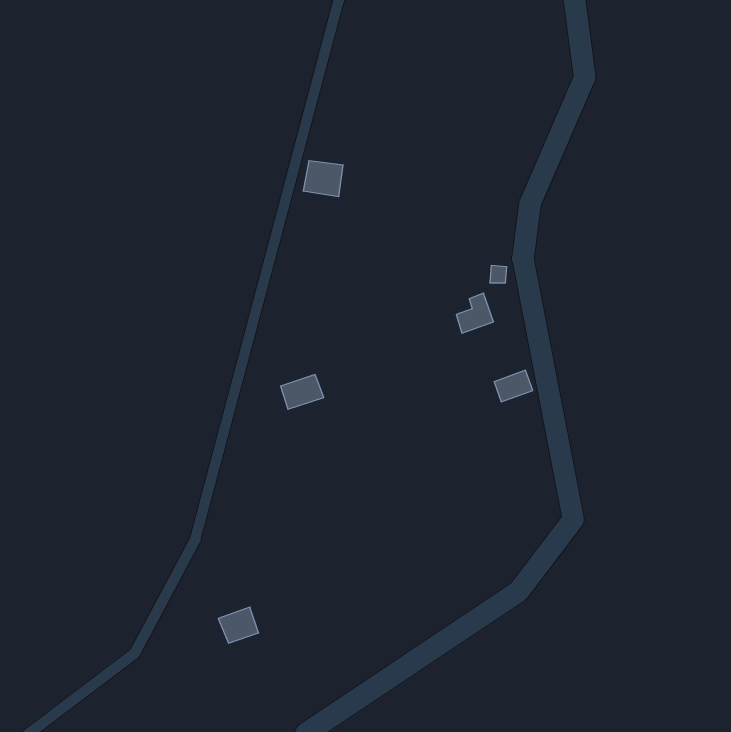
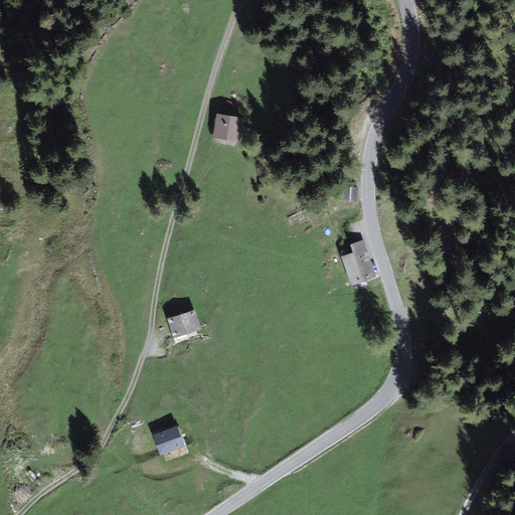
building: [456,293,494,333] -> [342,240,368,269]
building: [281,375,324,409] -> [168,311,198,335]

